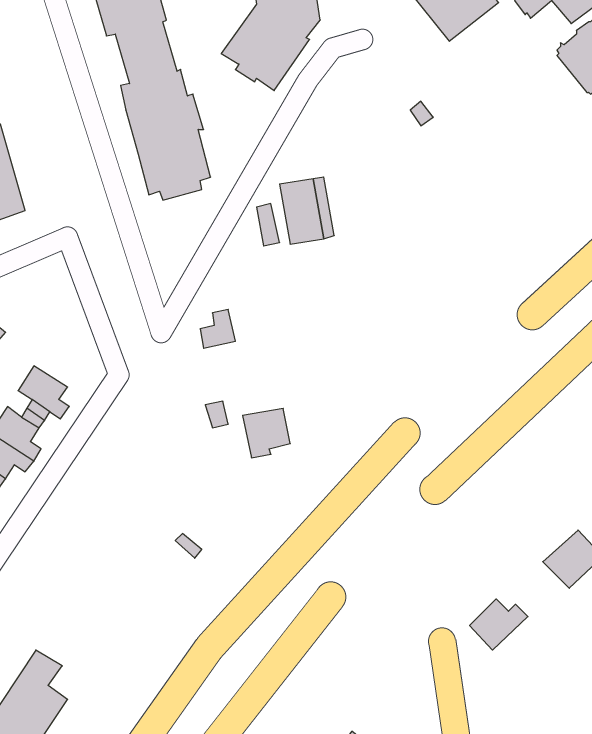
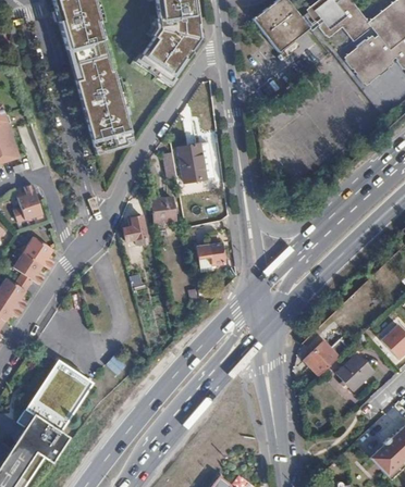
building: none -> [14,183,44,222]
building: none -> [155,195,177,221]
building: none -> [23,235,54,269]
building: [243,408,290,458] -> [195,237,224,267]
building: none -> [16,358,93,462]
building: [470,599,528,650] -> [306,342,342,374]

